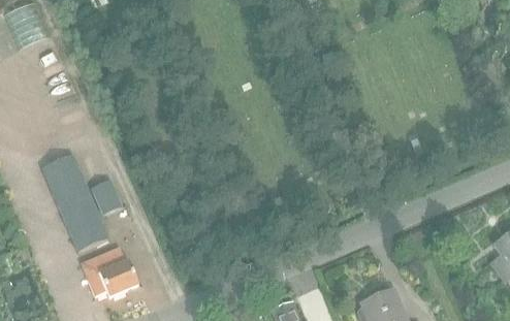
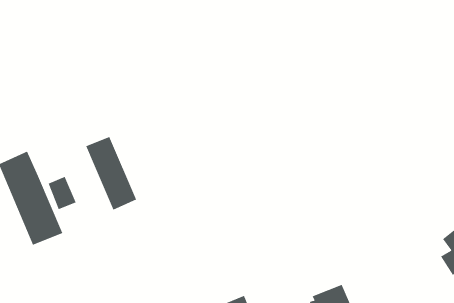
building: none -> [86,136,137,211]
building: [82,247,138,295] -> none

